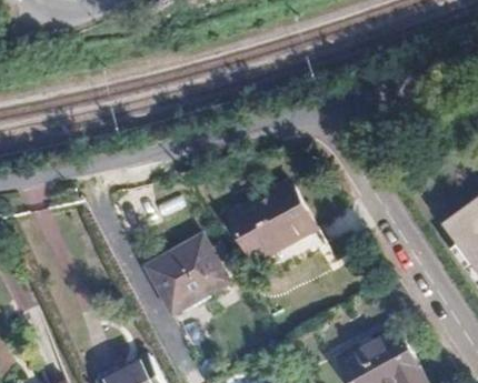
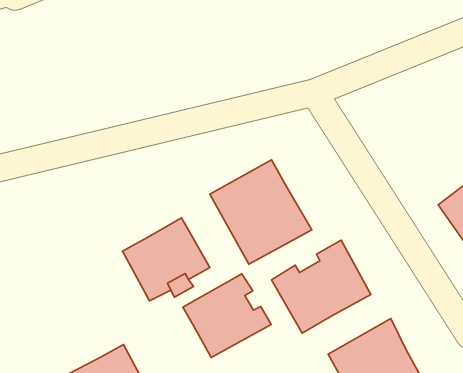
building: none -> [272,240,371,333]
building: none -> [183,274,271,358]

